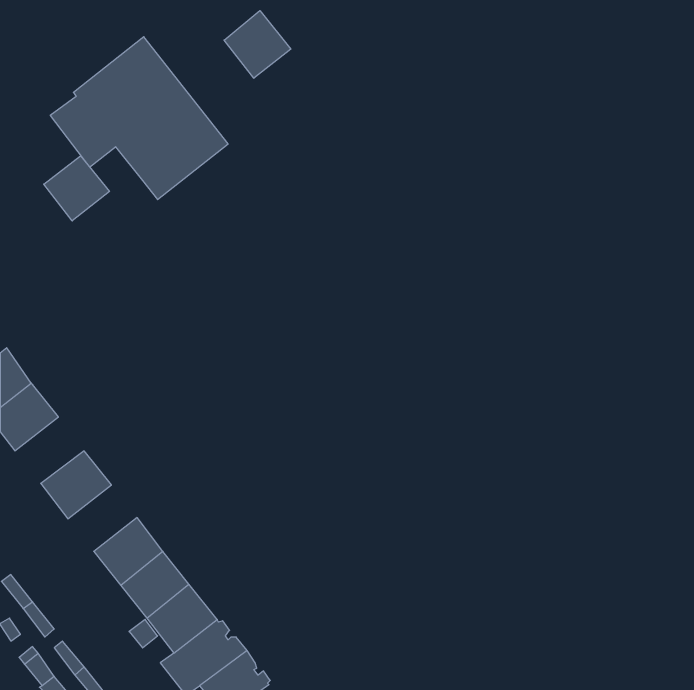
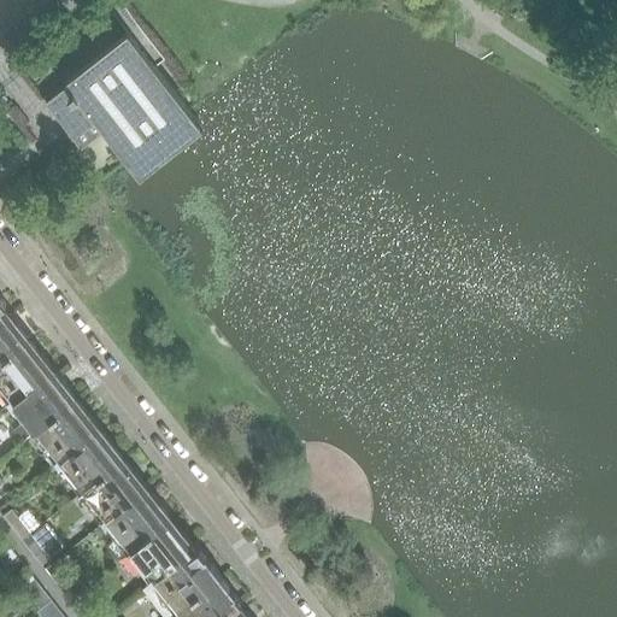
building: [224,11,291,78] -> none
building: [44,156,109,221] -> none
building: none -> [12,374,75,446]
building: none -> [60,434,122,493]

